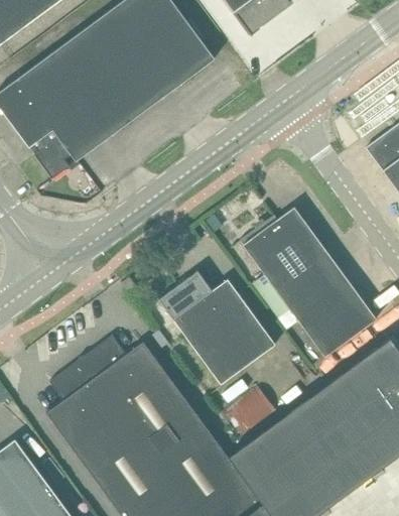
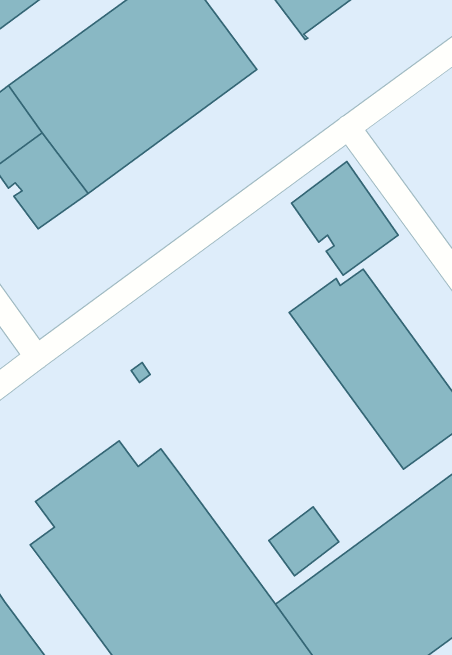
building: none -> [292,162,398,275]
building: [158,271,275,385] -> none

